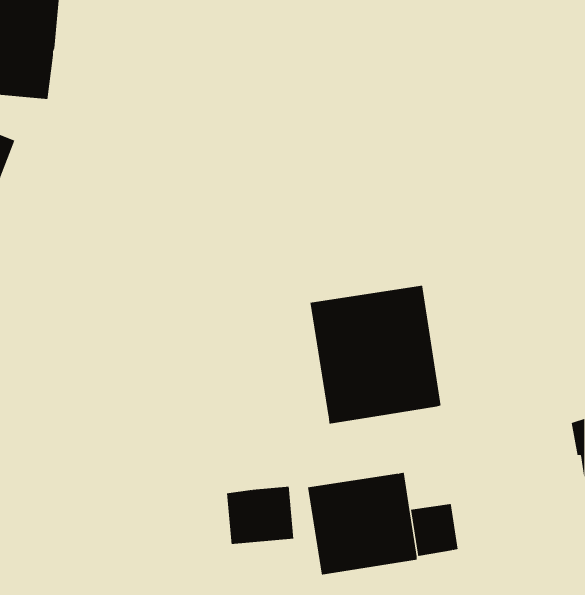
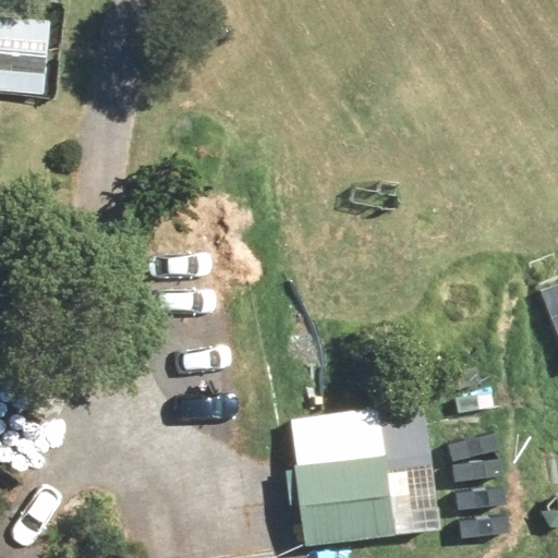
building: [310,285,441,424] -> none

